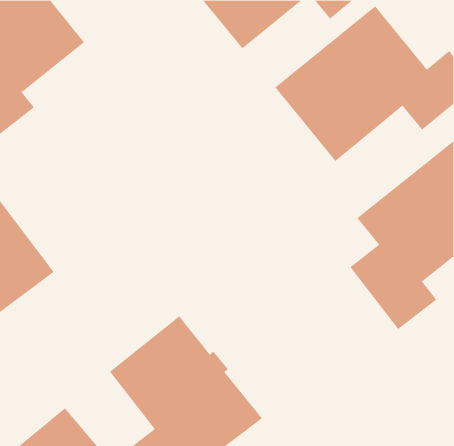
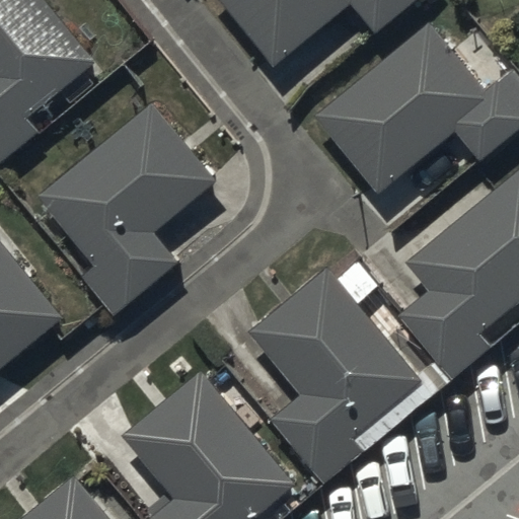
building: none -> [36,103,216,316]
building: none -> [249,262,423,483]

